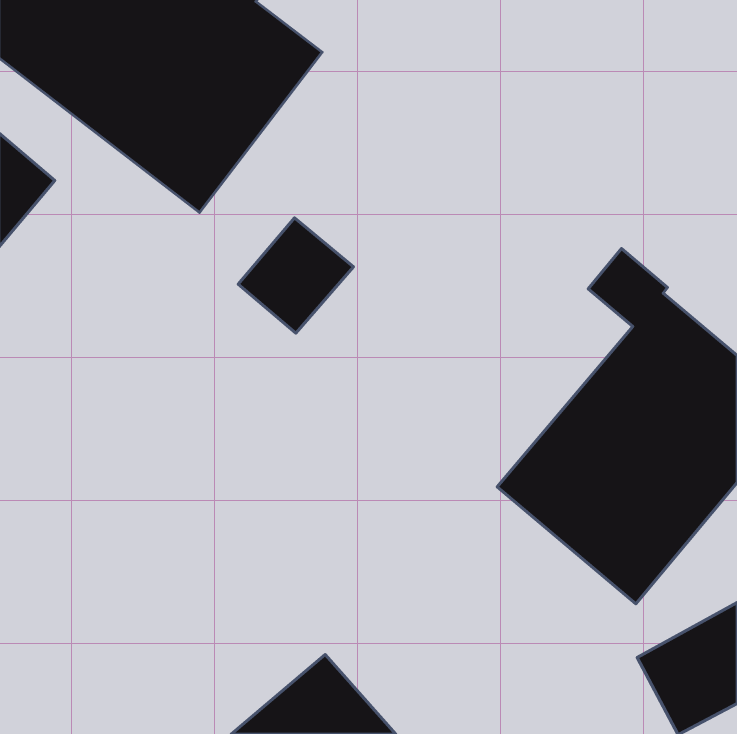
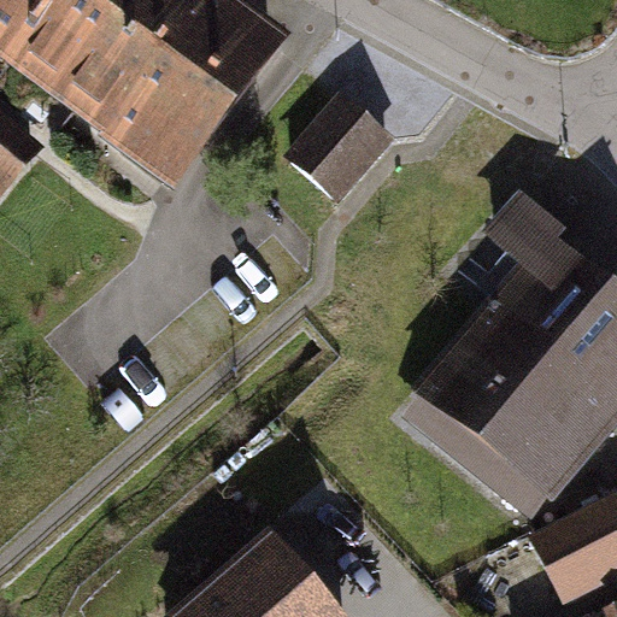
building: [238,218,354,333] -> [293,104,389,200]

